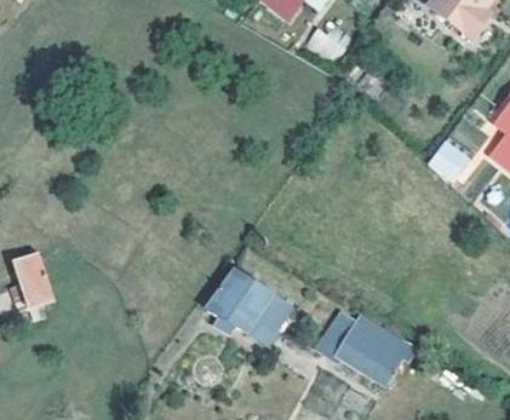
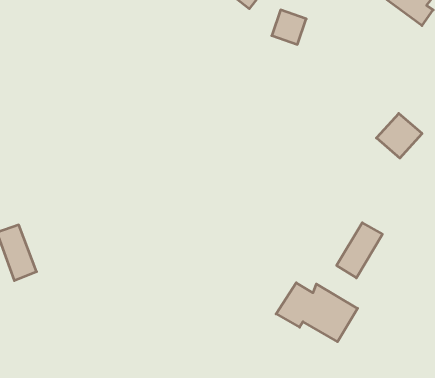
building: none -> [337,223,382,278]
building: [206,270,280,340] -> none

